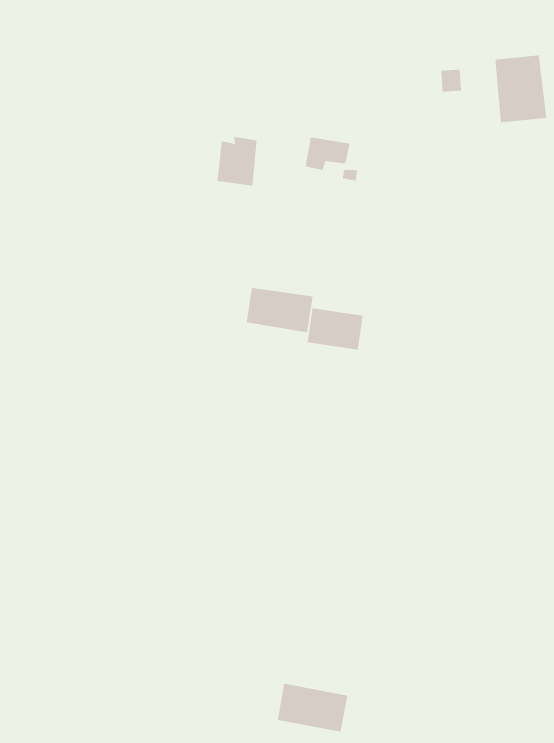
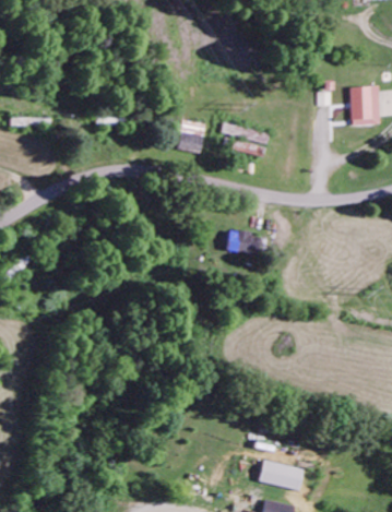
building: [246,287,313,333] -> none
building: [277,683,348,732] -> [260,460,304,491]

